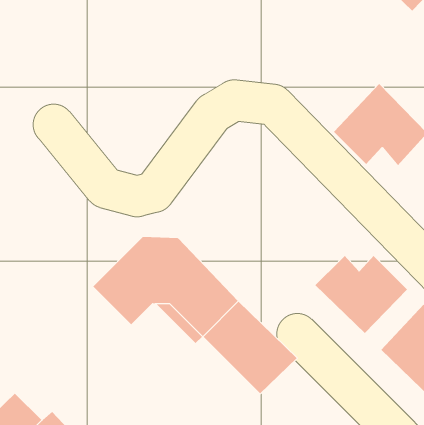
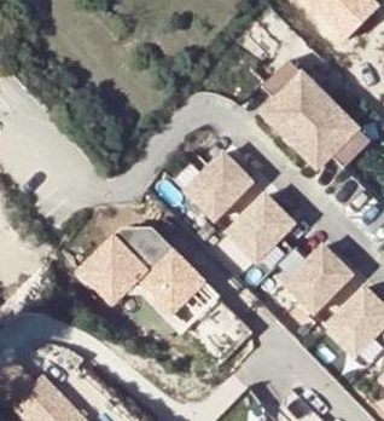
building: none -> [257,58,325,140]
building: none -> [170,152,250,219]
building: none -> [226,194,292,273]

